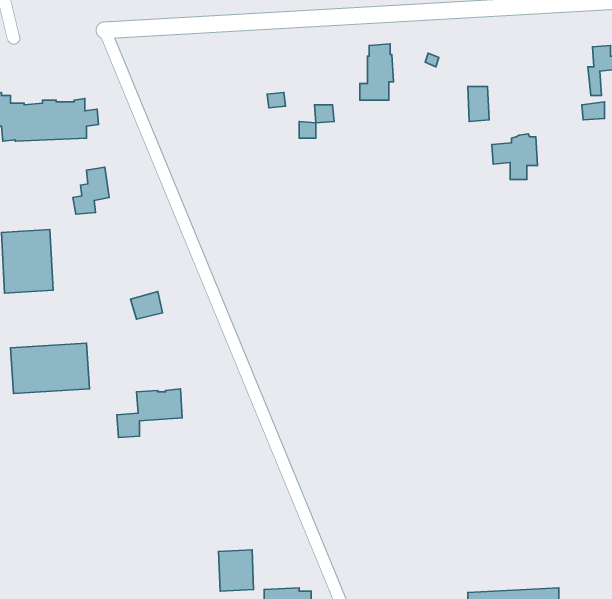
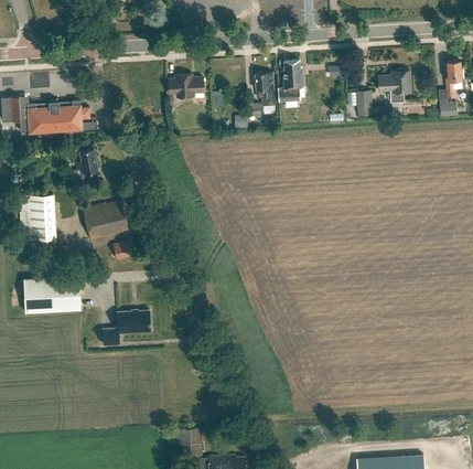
building: none -> [256,72,275,105]
building: none -> [169,74,205,97]
building: [492,134,537,179] -> [378,68,411,102]
building: none -> [83,200,129,239]

